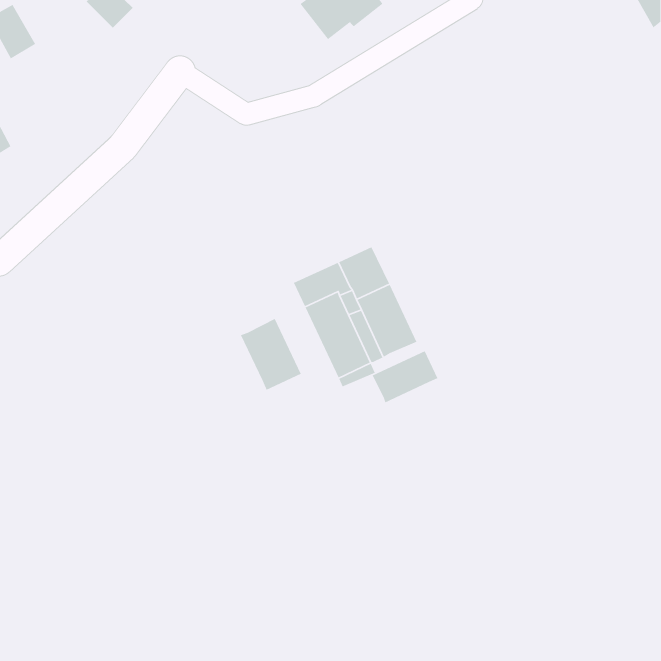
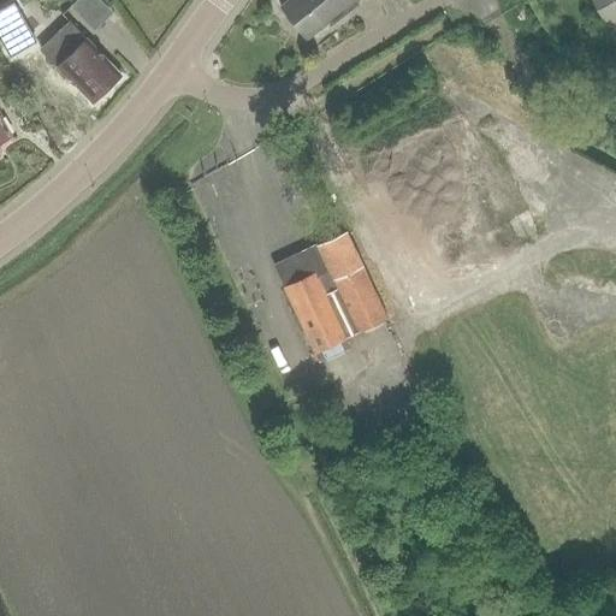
building: none -> [38,20,118,101]
building: [240,318,302,391] -> none
building: [372,350,438,403] -> none

